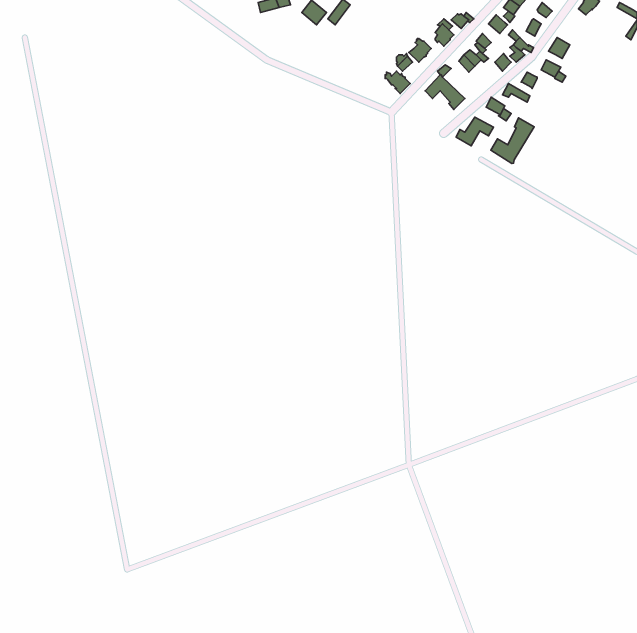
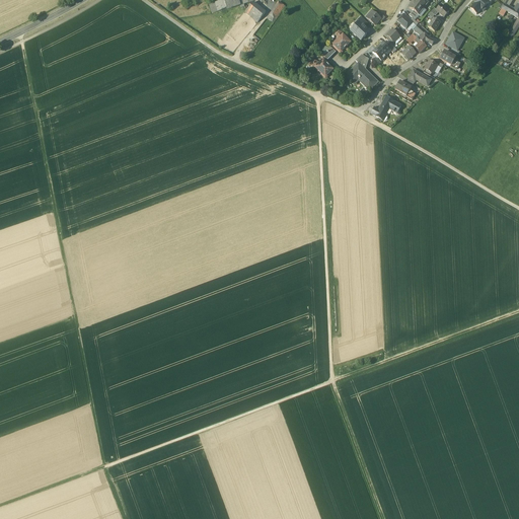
building: [491,118,534,164] -> none

